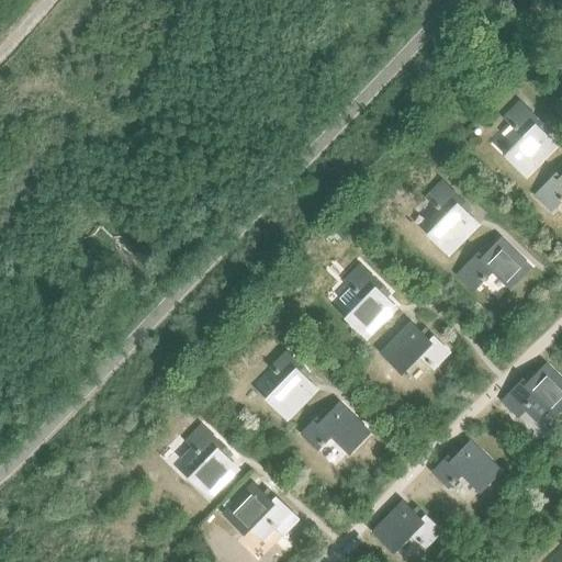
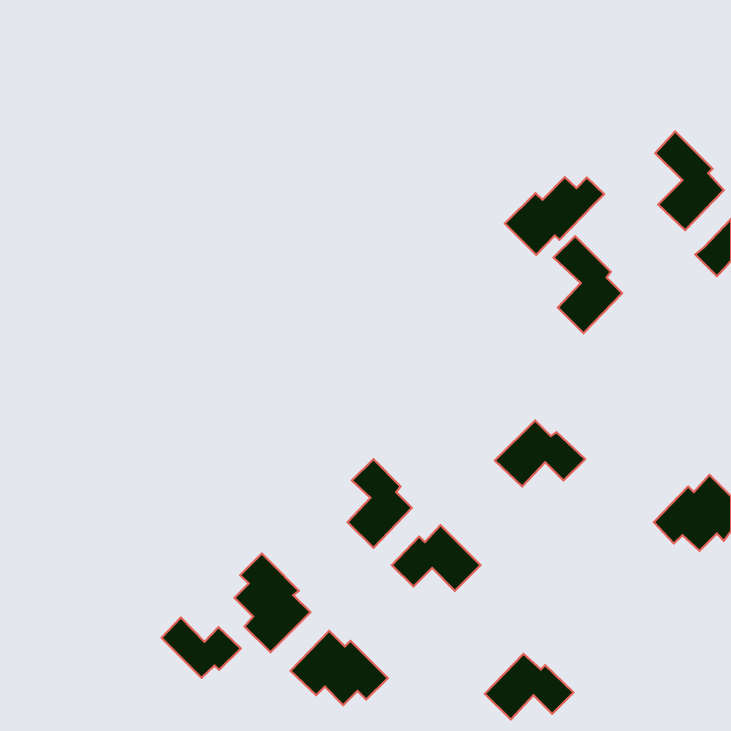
building: none -> [505,177,604,255]
building: [457,239,530,291] -> none
building: [338,266,395,339] -> none
building: [431,441,499,492] -> none
building: none -> [161,617,241,678]

